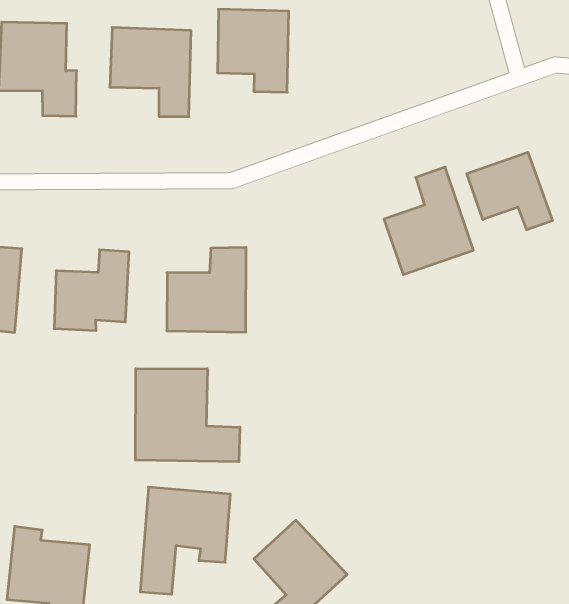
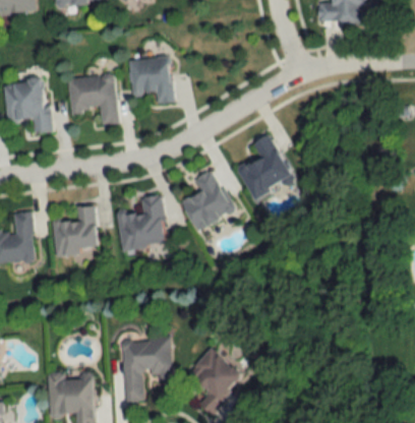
building: [467,152,552,230] -> none
building: none -> [182,171,233,231]
building: [135,369,240,462] -> none

